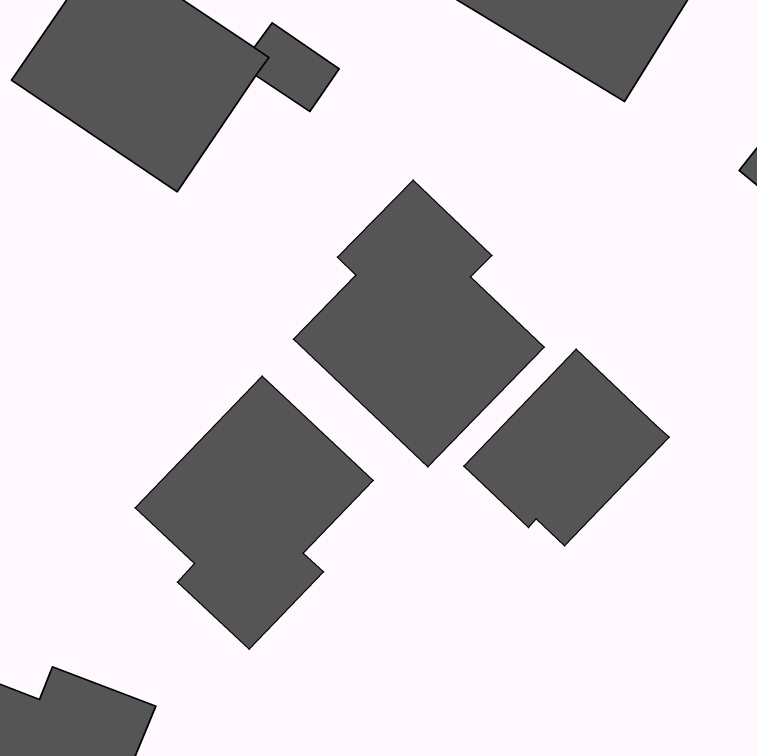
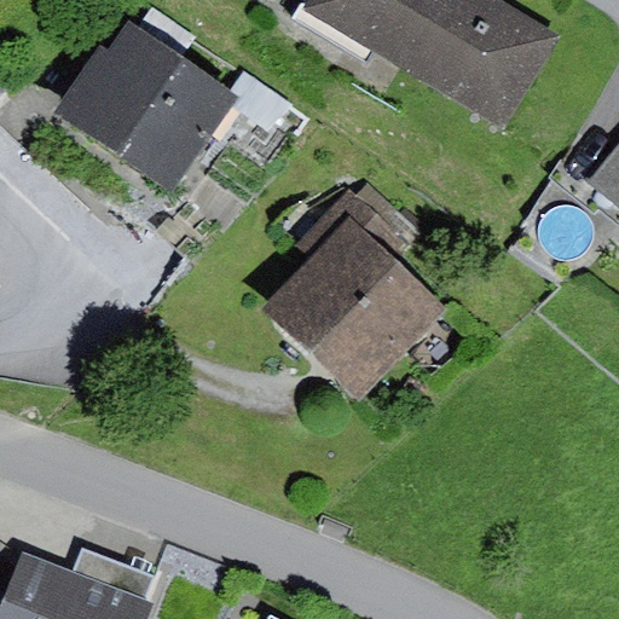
building: [464,349,669,546] -> none
building: [135,376,373,649] -> none

